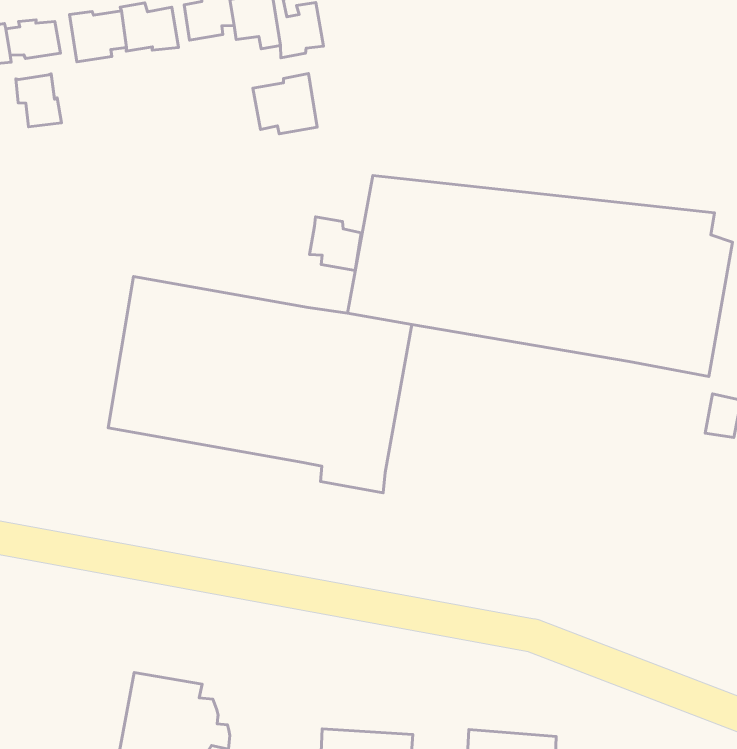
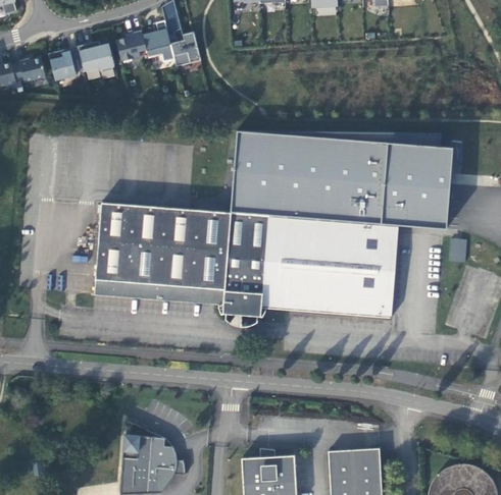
building: [253,74,317,134] -> none
building: [16,74,62,127] -> none
building: [310,217,361,270] -> none
building: none -> [262,216,400,318]

